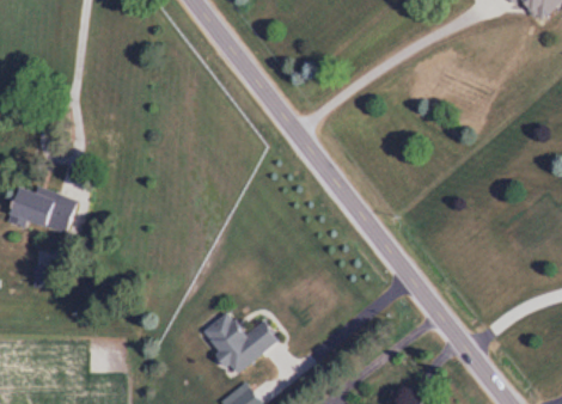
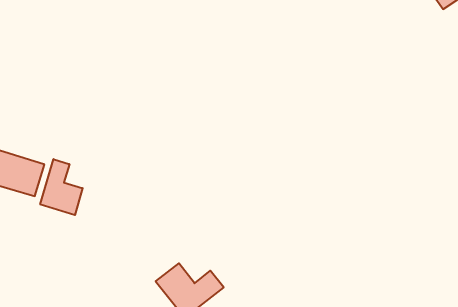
building: none -> [40,159,83,215]

